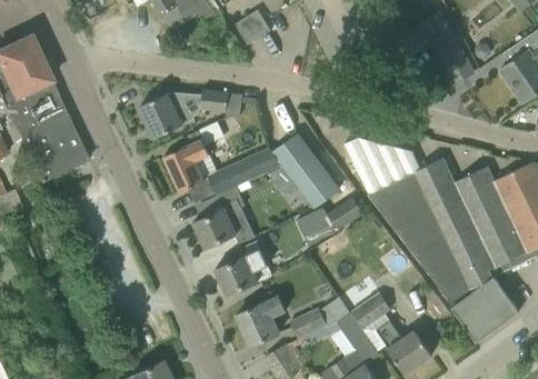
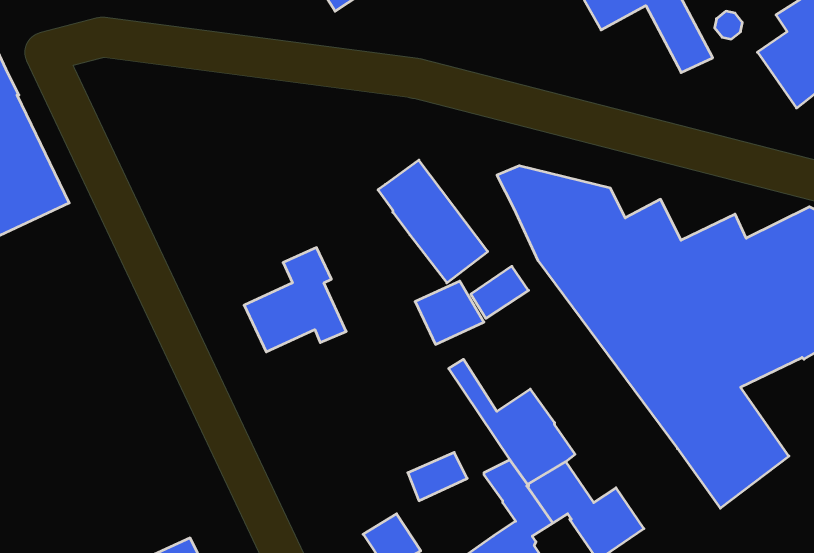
building: [140,90,242,138] -> none
building: [163,139,210,192] -> none
building: [208,148,282,196] -> none
building: [216,243,273,296] -> none
building: [237,296,285,346] -> none

